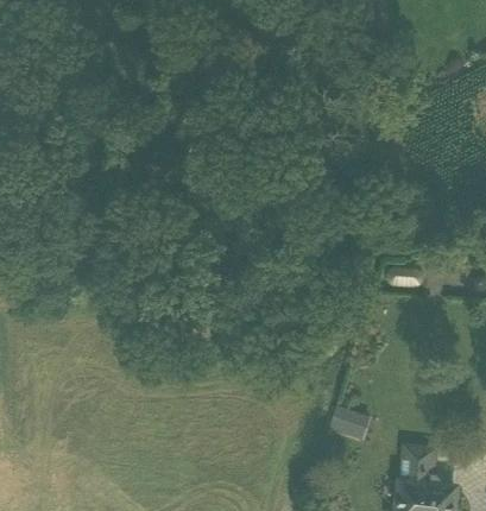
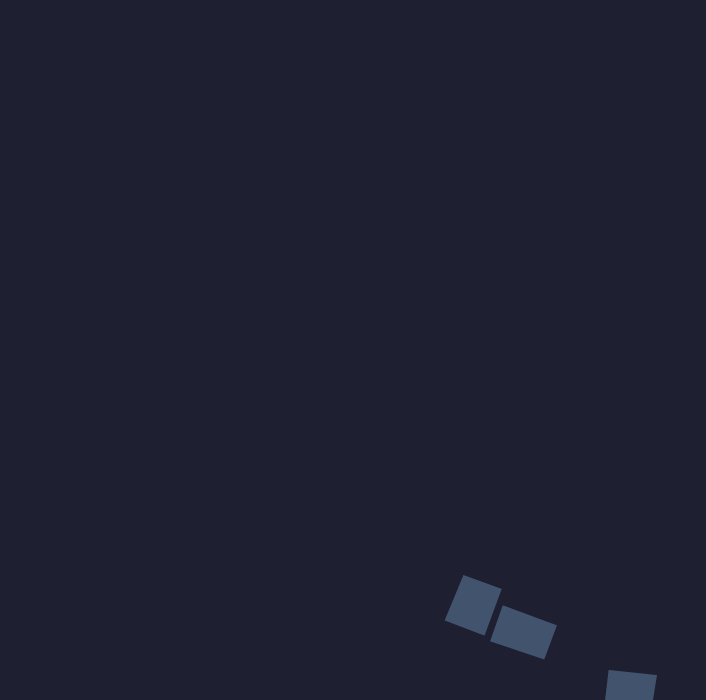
building: none -> [444,574,502,636]

